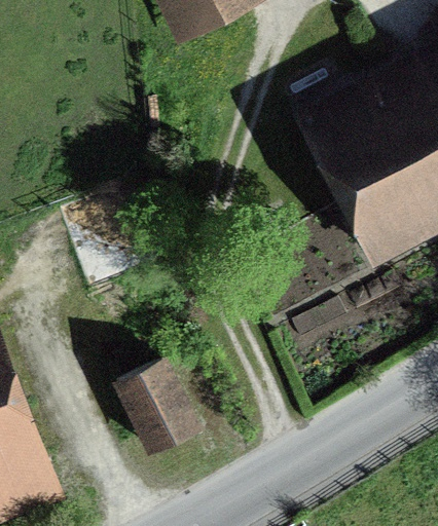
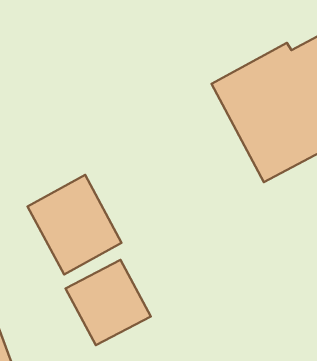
building: none -> [28,175,121,275]

